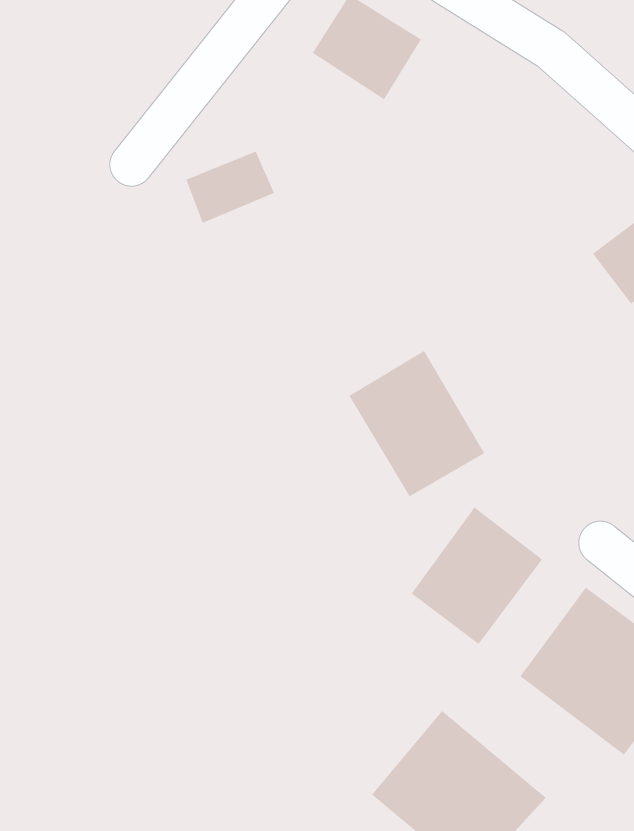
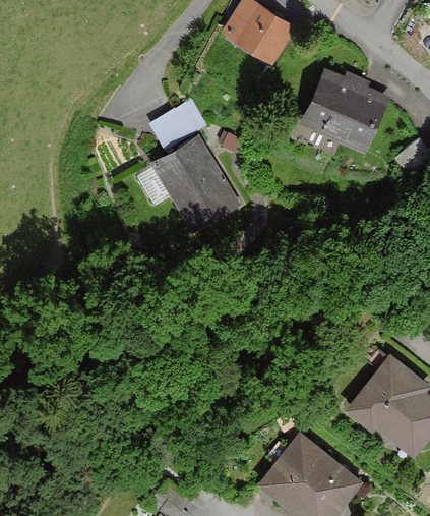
building: none -> [299,70,384,150]
building: [348,350,485,497] -> [153,136,236,225]
building: [411,506,543,645] -> none

